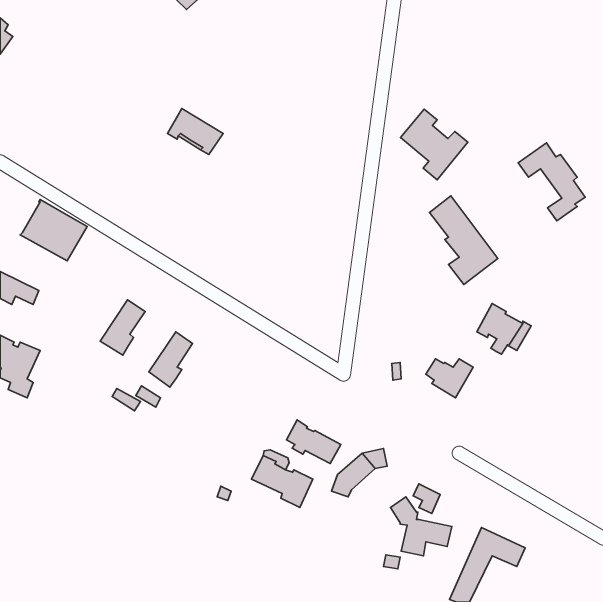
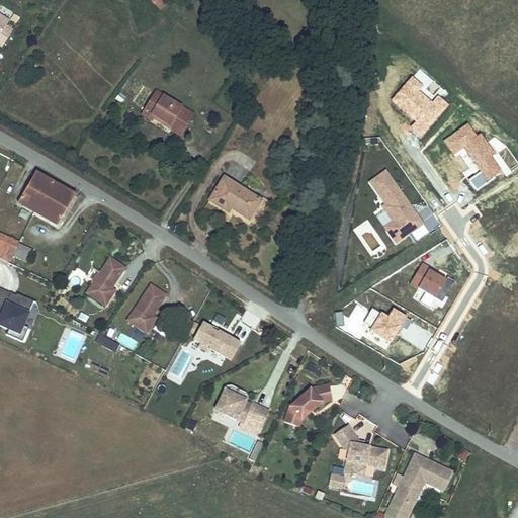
building: [401,109,468,180] -> [392,75,449,136]
building: none -> [208,176,260,219]
building: [286,420,341,464] -> [194,323,241,360]

